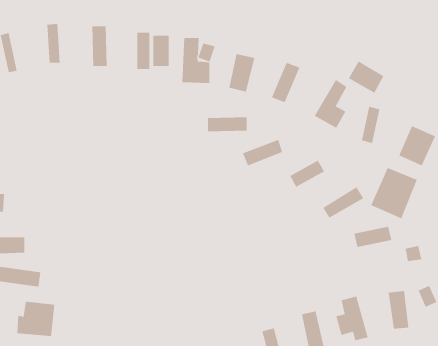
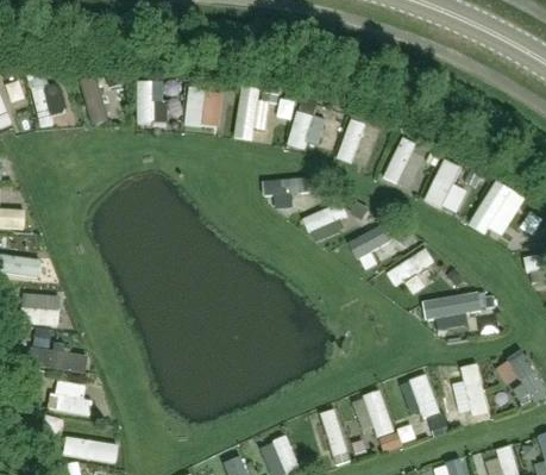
building: [348,61,384,93] -> none
building: [370,167,418,219] -> none

